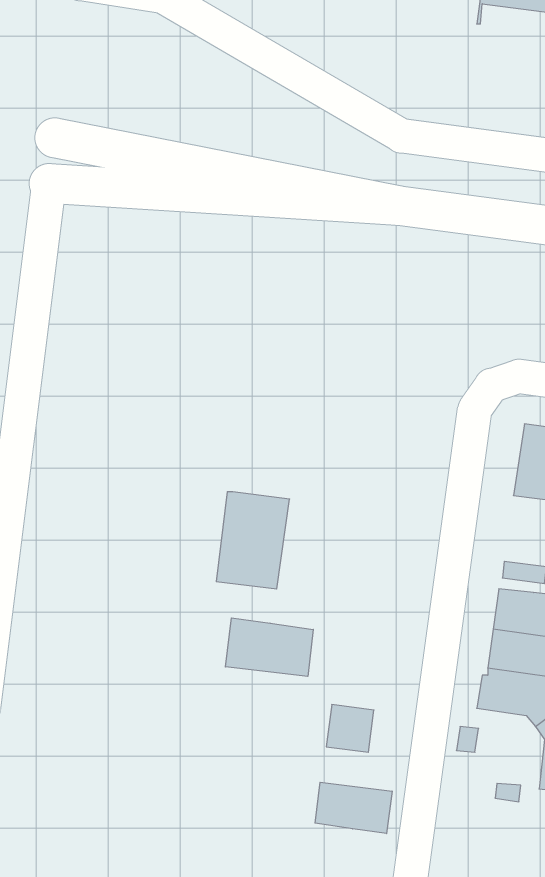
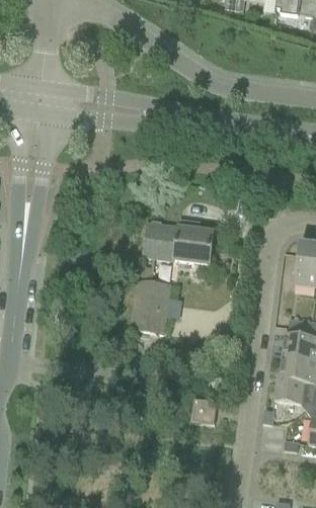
building: none -> [143,219,213,263]
building: [225,618,313,676] -> none
building: [315,782,392,834] -> none

